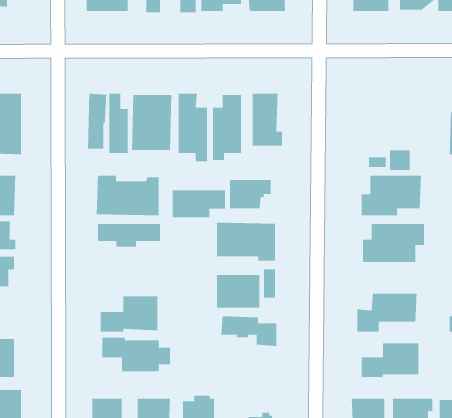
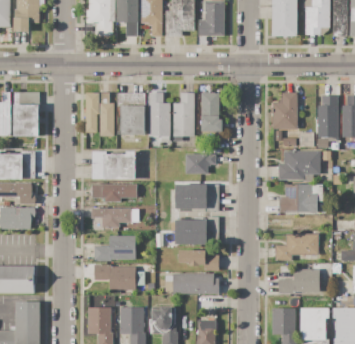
building: none -> [272,92,297,128]
building: none -> [317,95,338,139]
building: [172,190,226,218] -> [92,208,130,228]
building: none -> [165,273,219,294]

